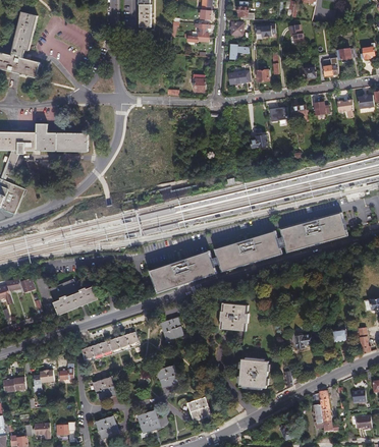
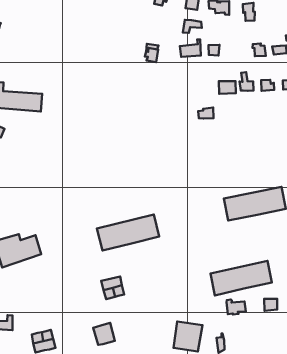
building: [219,230,283,270] -> [211,261,272,296]
building: [221,302,251,330] -> none
building: [82,331,142,361] -> none

